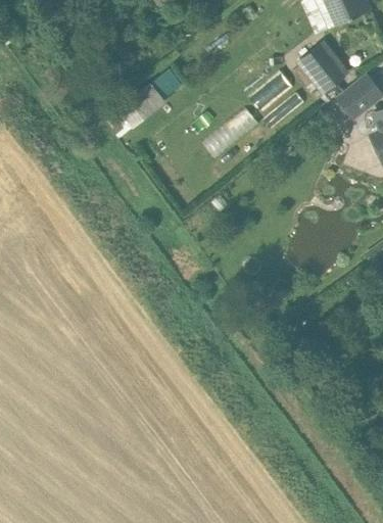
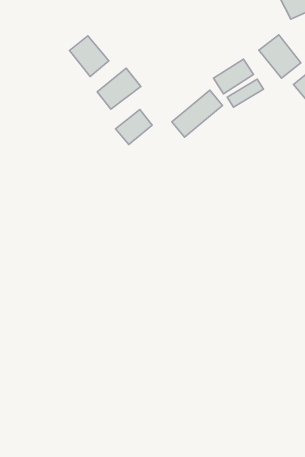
building: none -> [69,36,109,76]
building: none -> [116,109,152,144]

